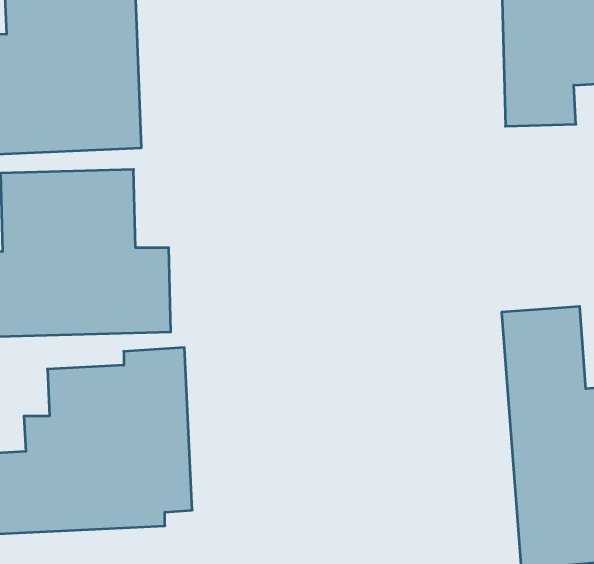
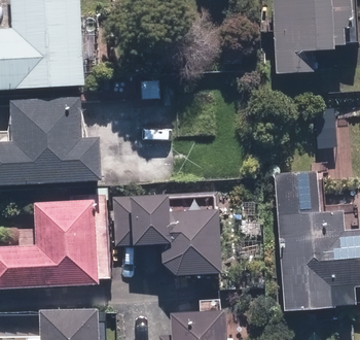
building: none -> [115,193,219,275]

